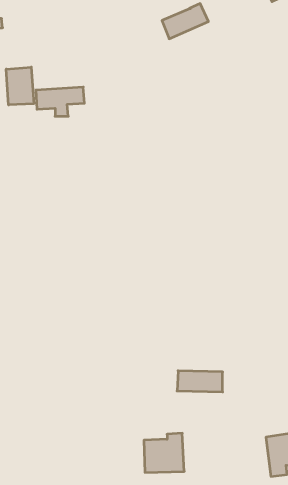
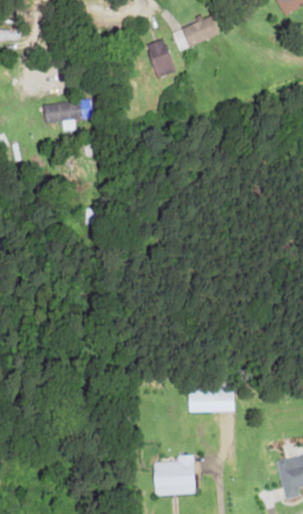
building: none -> [146,37,176,77]
building: [6,67,34,105] -> none

